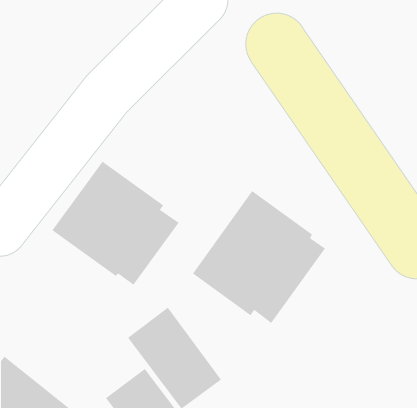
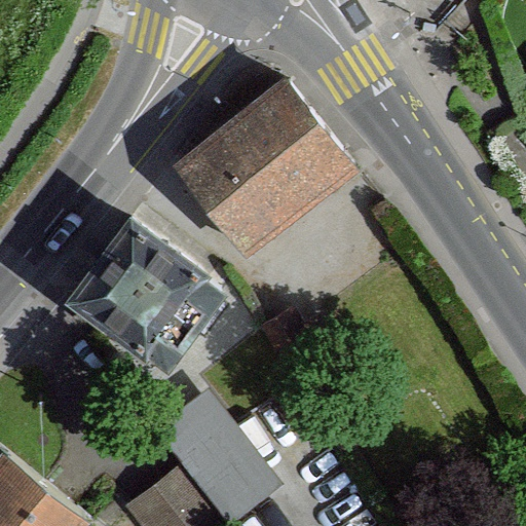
building: none -> [182,84,349,246]
building: [192,190,326,324] -> none

